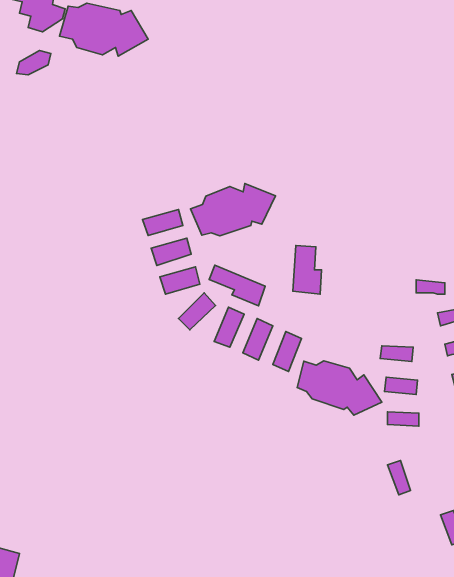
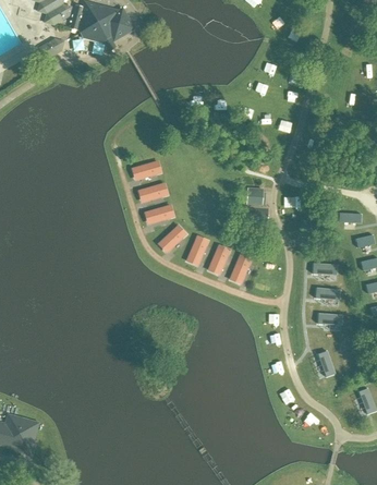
building: [191,183,275,236] -> none
building: [209,265,265,306] -> none
building: [297,361,382,415] -> none

